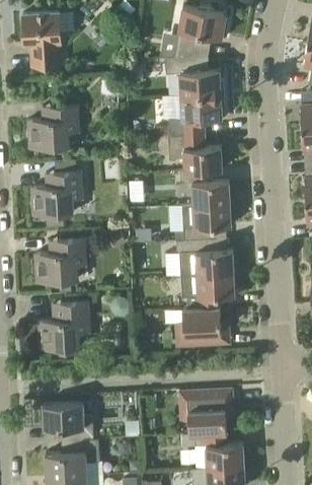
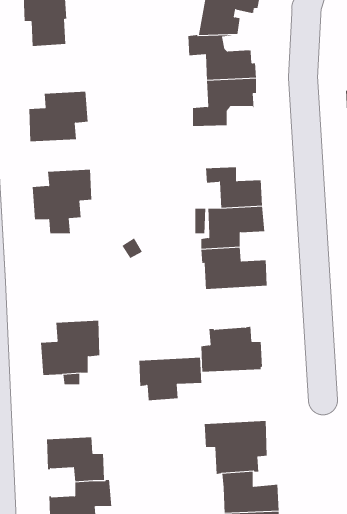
building: [167,135,222,171] -> none
building: [34,239,86,283] -> none
building: [179,273,234,310] -> [138,357,202,401]

